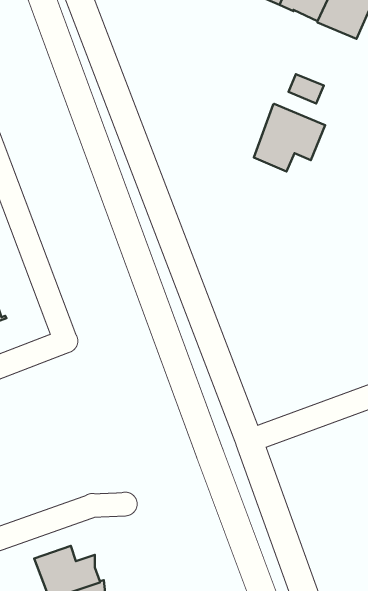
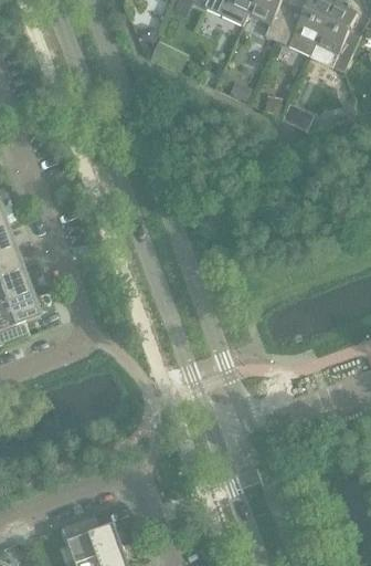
building: [254,104,325,172] -> none

